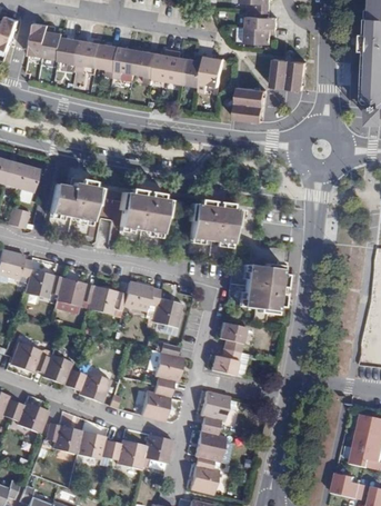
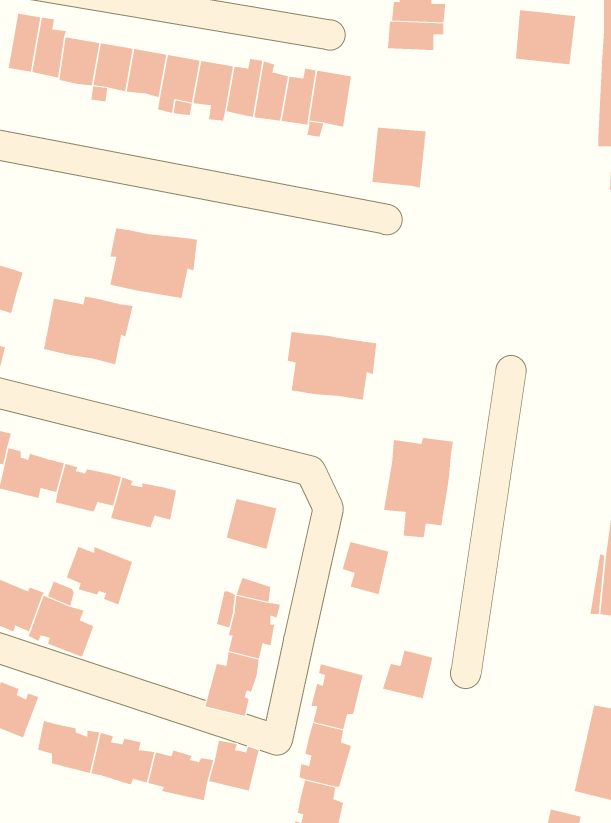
building: [271,58,305,89] -> [515,10,576,65]
building: [118,192,168,232] -> [110,228,198,299]
building: [122,281,160,309] -> none
building: [210,347,239,375] -> [382,650,433,699]
building: [71,369,109,403] -> [66,546,133,605]

